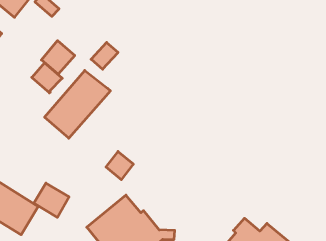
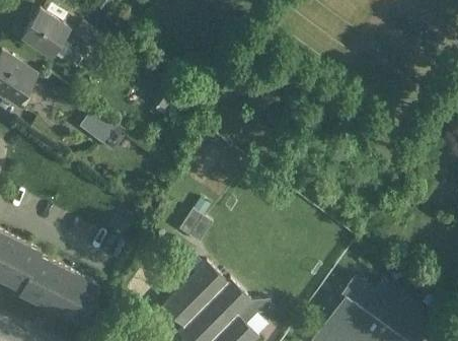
building: [41,41,75,74] -> none
building: [45,70,110,138] -> none
building: [34,183,69,217] -> none

